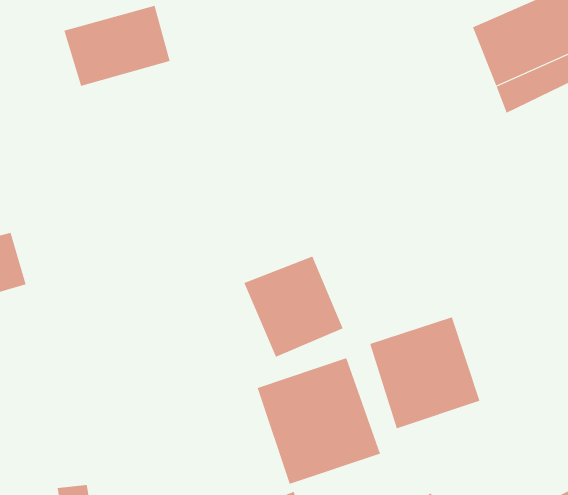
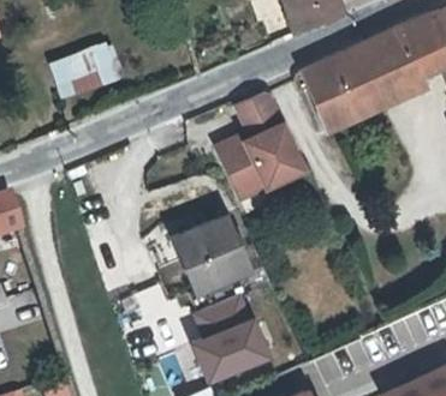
building: none -> [291,56,359,134]
building: none -> [220,90,307,196]
building: [370,317,480,429] -> none

